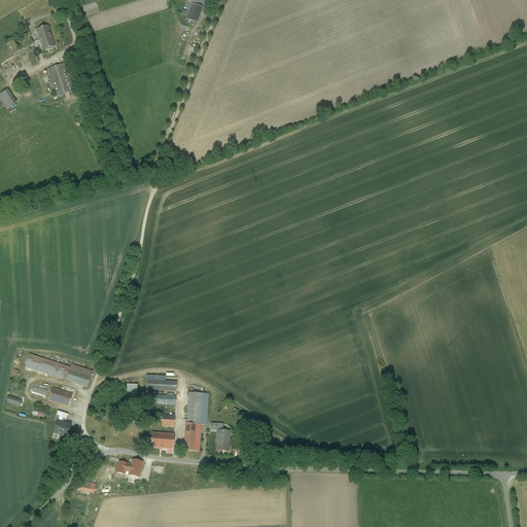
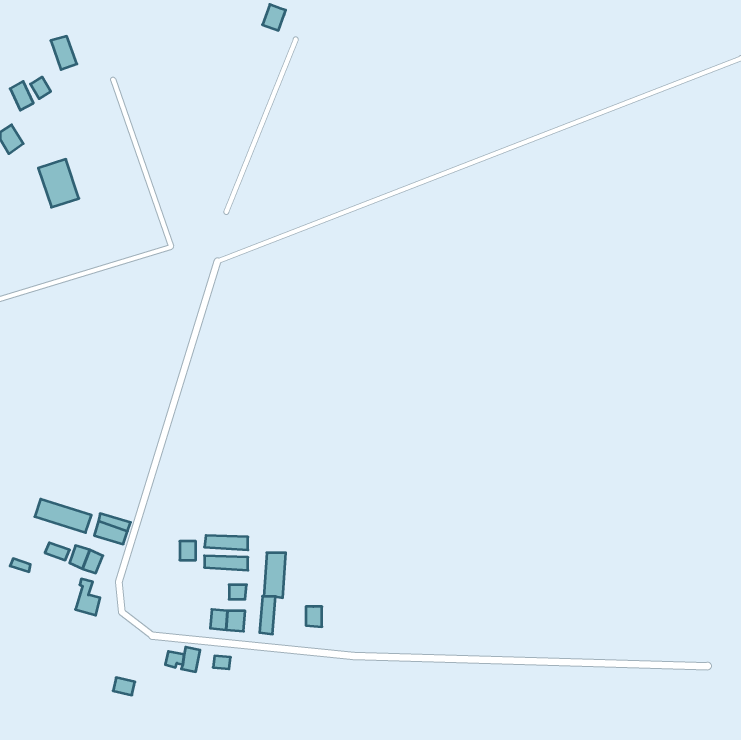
building: [45,63,74,97] -> [38,159,79,207]

